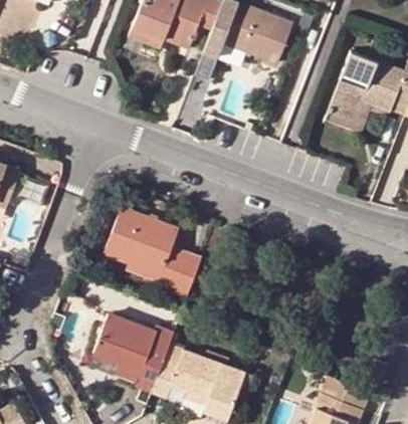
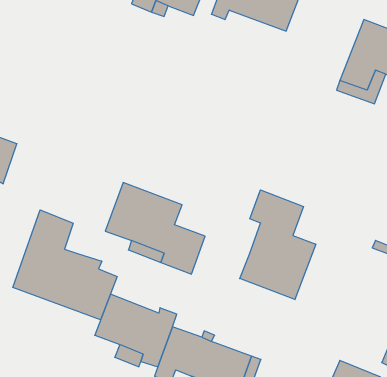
building: none -> [240,190,316,300]
building: none -> [13,210,117,320]

